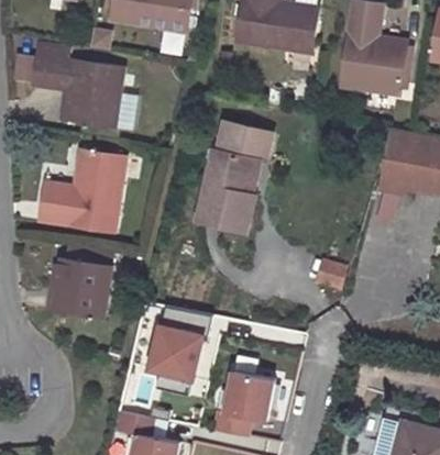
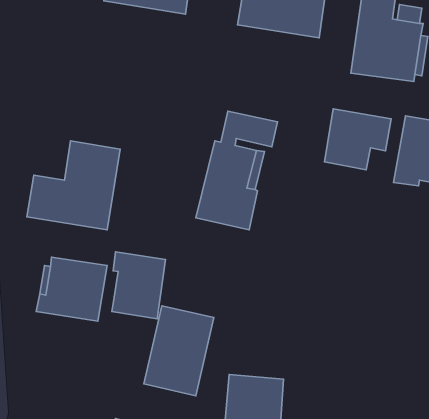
building: [32,55,123,127] -> none
building: none -> [324,109,391,170]
building: none -> [112,252,165,319]

